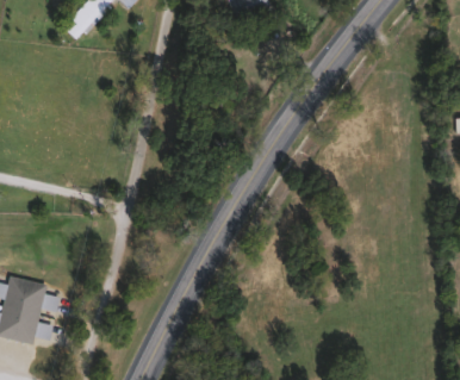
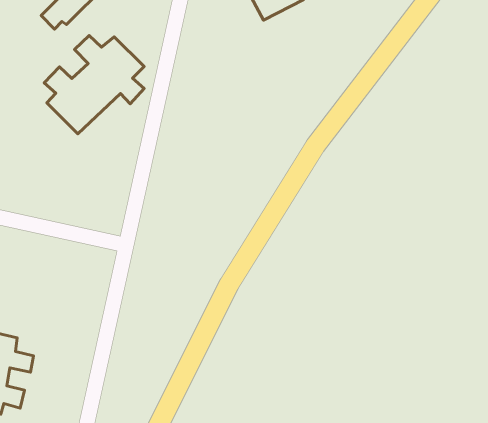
building: none -> [44,36,144,134]

